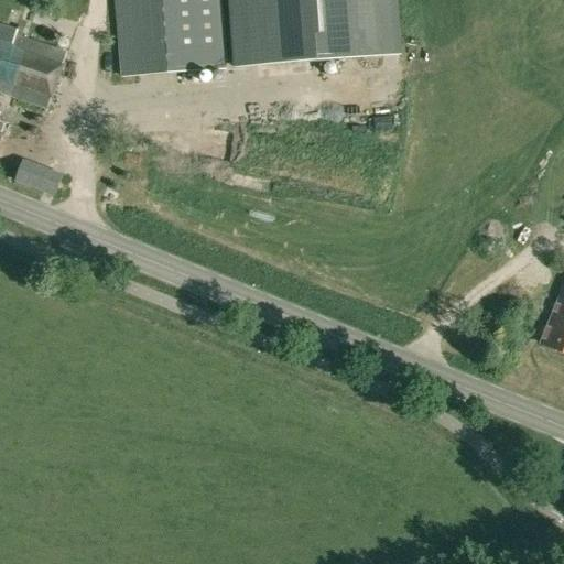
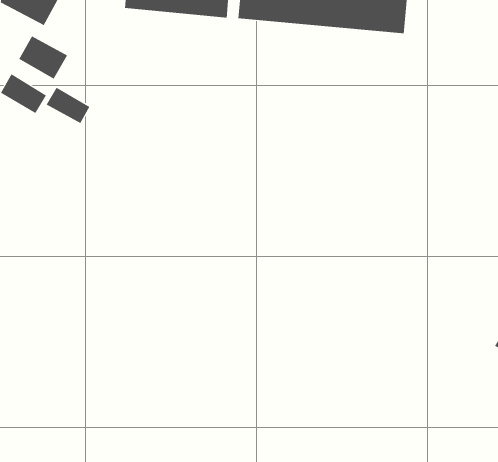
building: none -> [19,36,68,79]
building: none -> [46,87,90,124]

